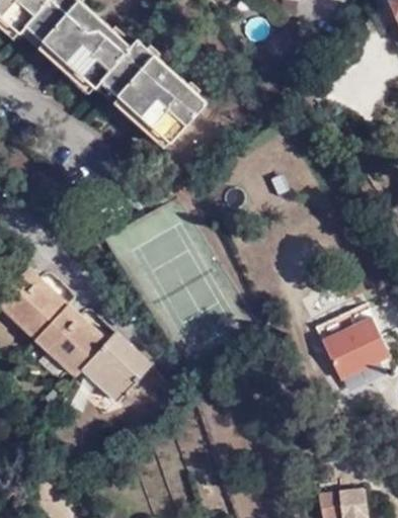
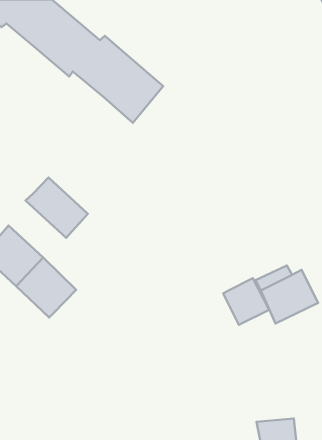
building: none -> [26,177,88,238]
building: none -> [223,278,269,325]
building: [80,332,151,402] -> none

